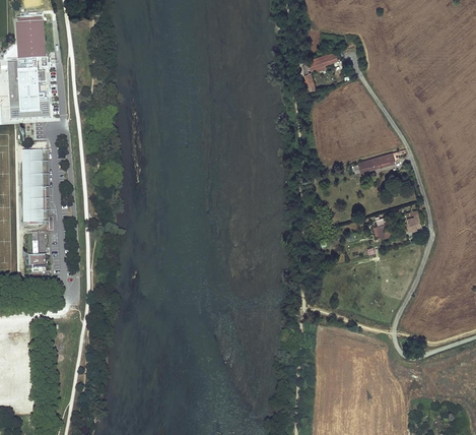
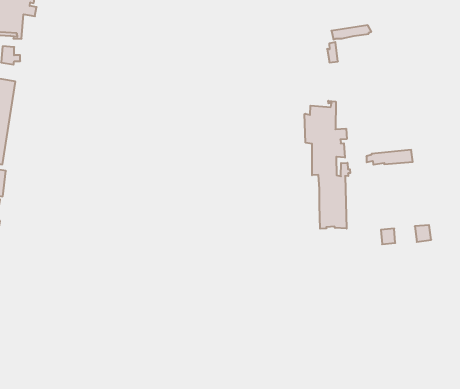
building: none -> [305,101,350,229]

